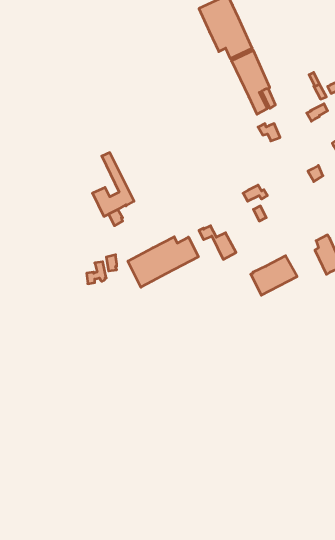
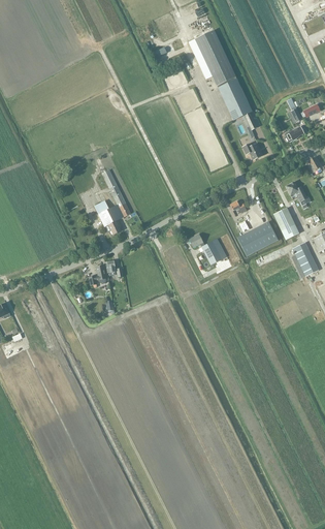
building: none -> [273,208,299,240]
building: [128,237,198,287] -> none
building: [251,256,297,295] -> [237,221,279,256]

